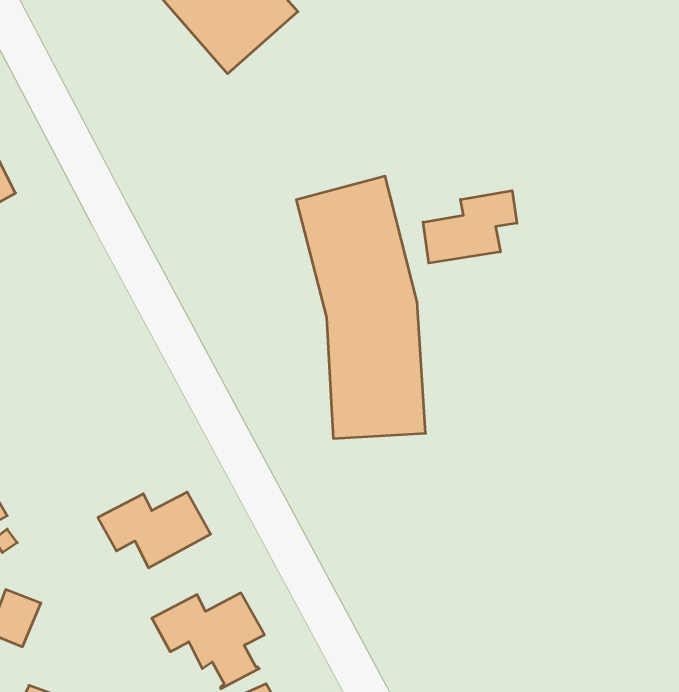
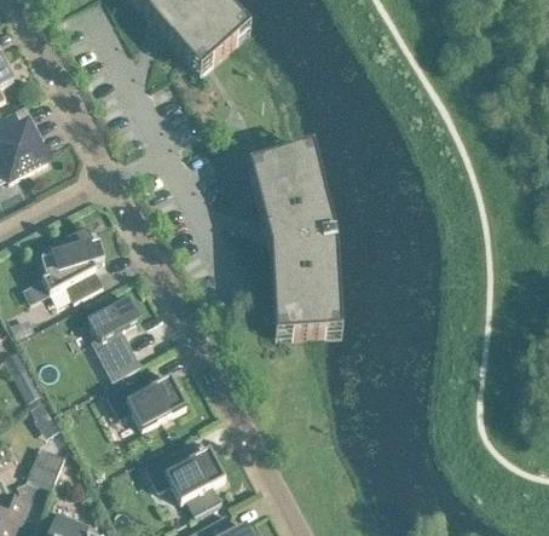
building: [423,191,517,263] -> none
building: none -> [40,227,104,307]
building: none -> [87,295,140,379]

